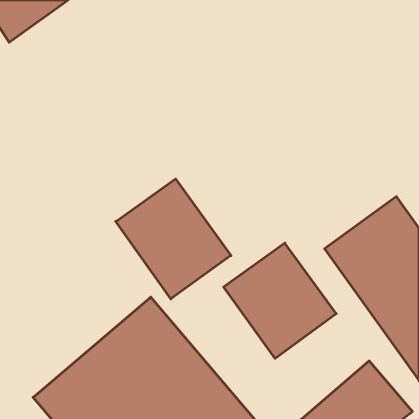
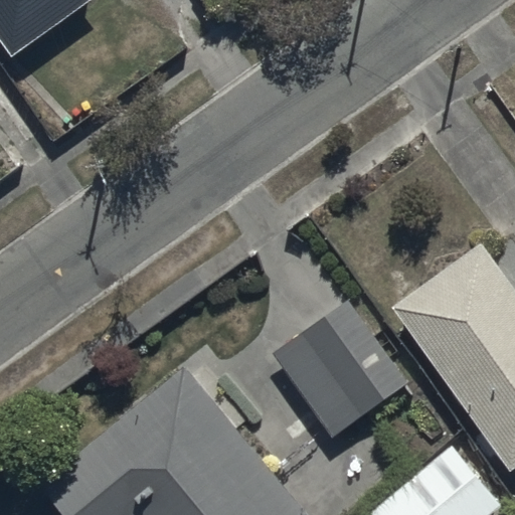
building: [116,179,231,299] -> none

